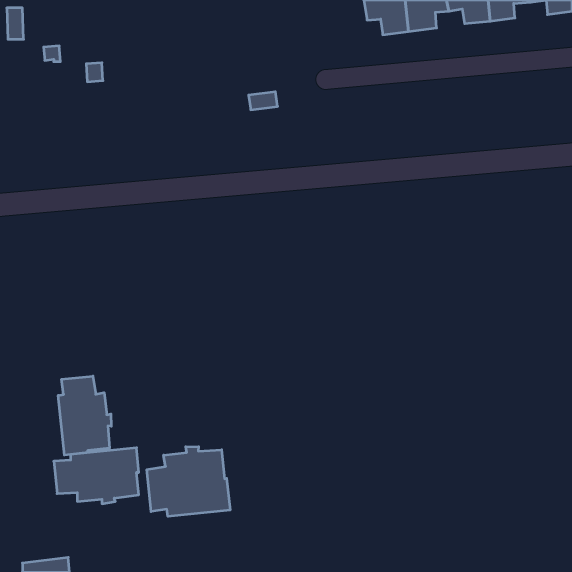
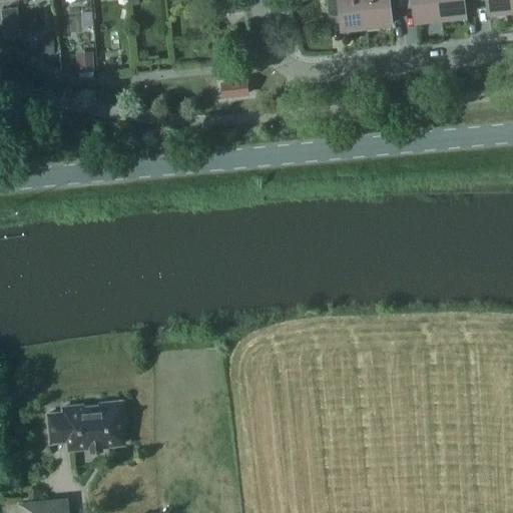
building: [58,376,111,455] -> none
building: [147,447,230,516] -> none

